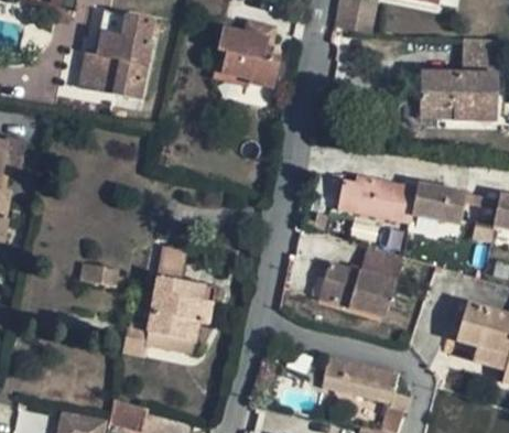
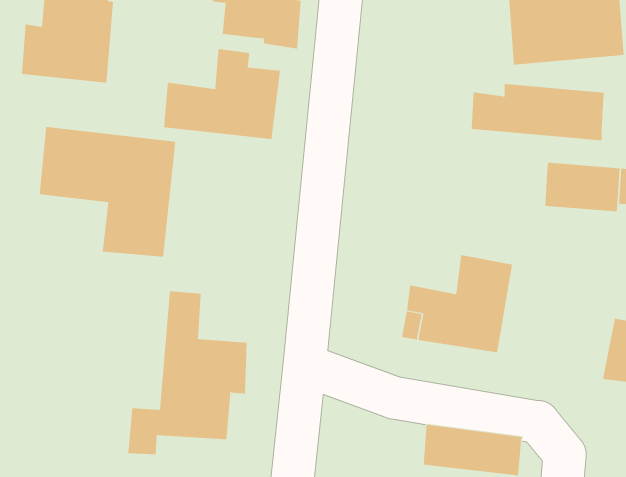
building: none -> [163,48,281,140]
building: none -> [39,126,176,258]
building: [338,178,433,226] -> [471,83,605,141]

